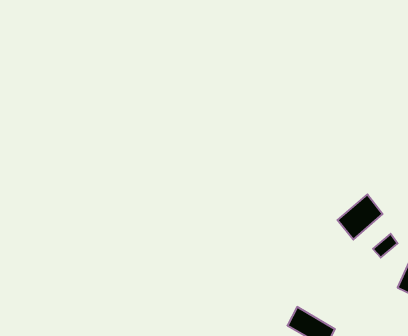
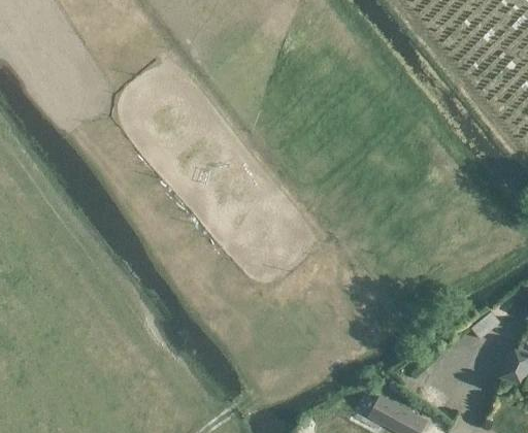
building: [337,194,383,240] -> none

